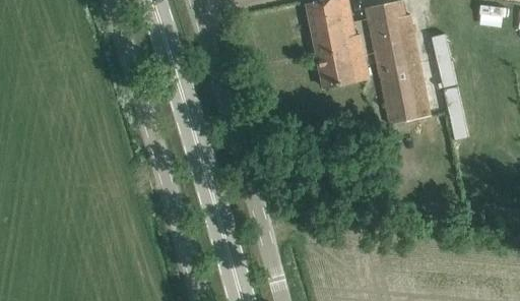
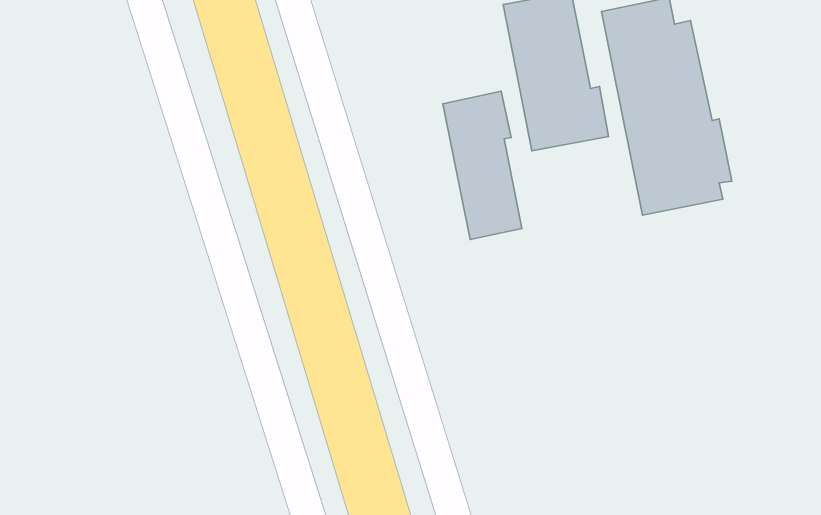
building: none -> [443,91,522,239]

